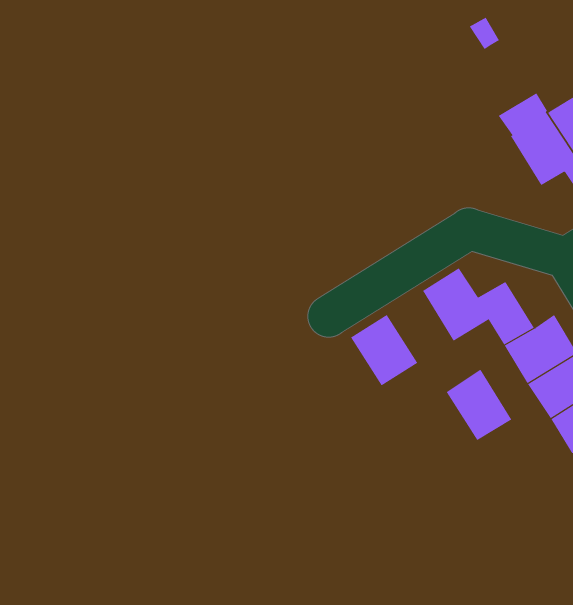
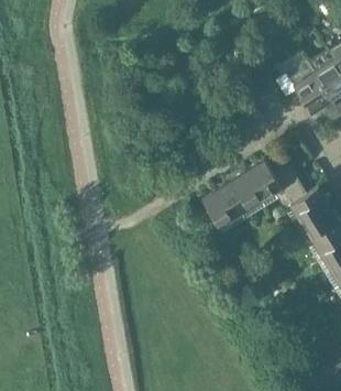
building: [446,369,512,441] -> [222,173,260,214]

